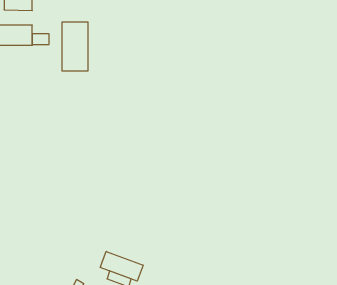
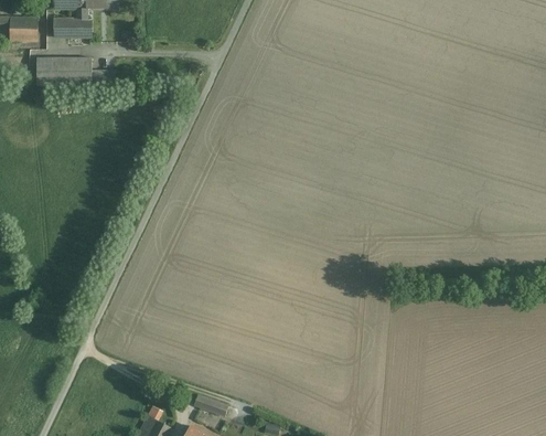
building: [62,22,88,71] -> none
building: [100,251,143,281] -> none

